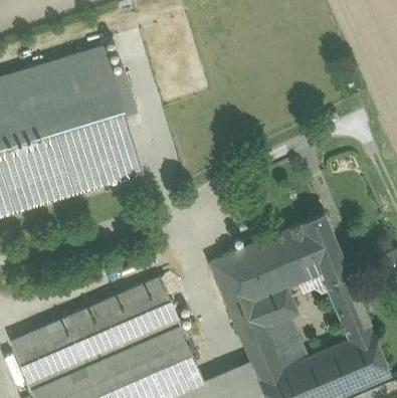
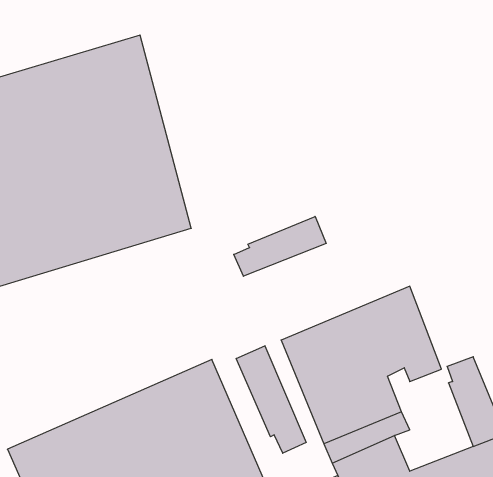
building: none -> [234,216,326,276]
building: [302,215,348,284] -> none
building: none -> [236,346,306,453]

